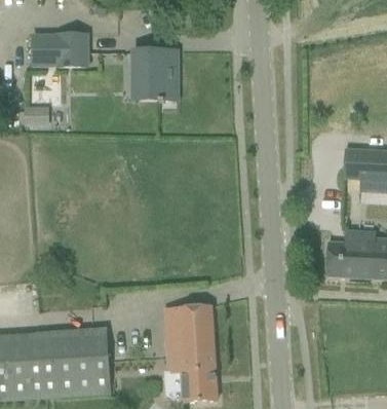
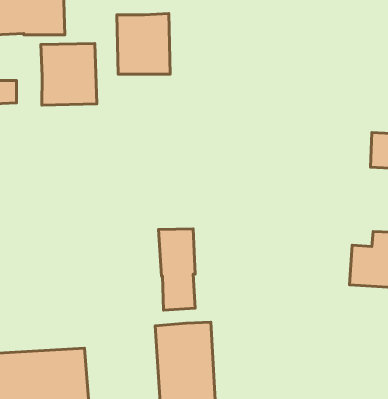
building: none -> [41,43,97,105]
building: none -> [159,229,195,310]

